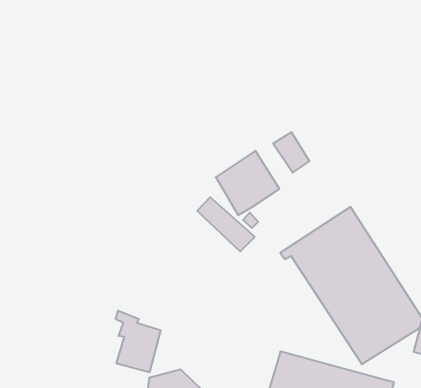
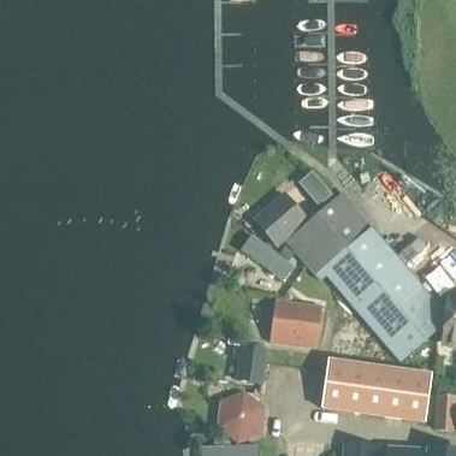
building: none -> [286,191,372,274]
building: none -> [268,297,322,345]
building: [115,311,161,372] -> [227,334,268,384]

